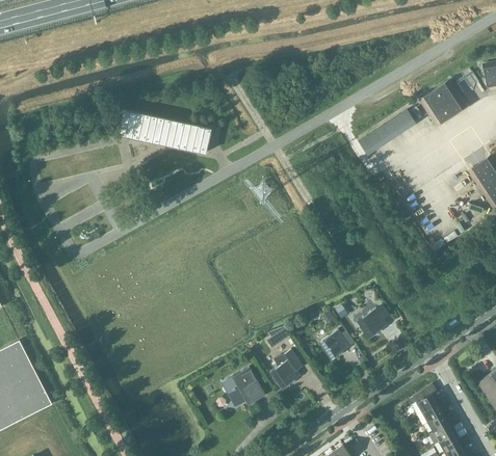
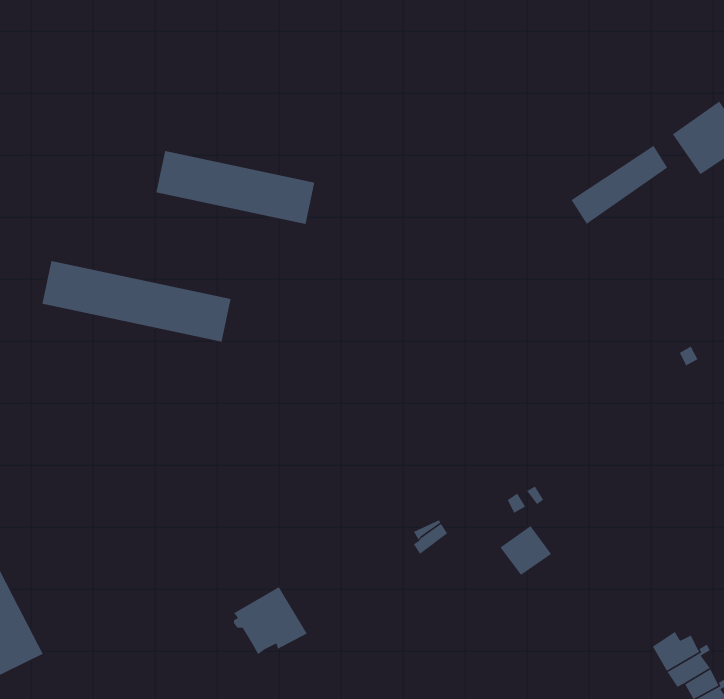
building: none -> [41,260,232,343]
building: [357,309,388,339] -> none
building: [270,349,303,388] -> none
building: [221,368,265,408] -> [233,586,308,655]

